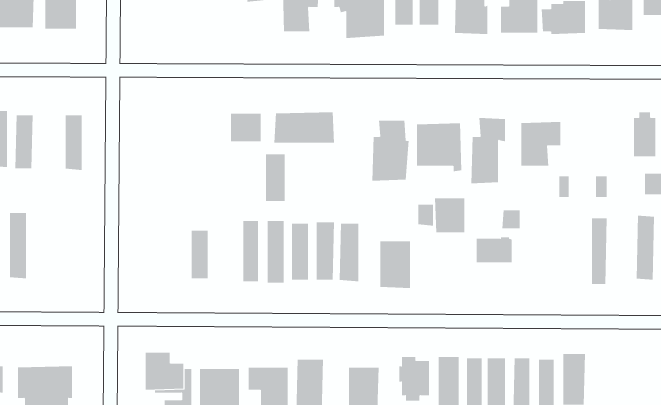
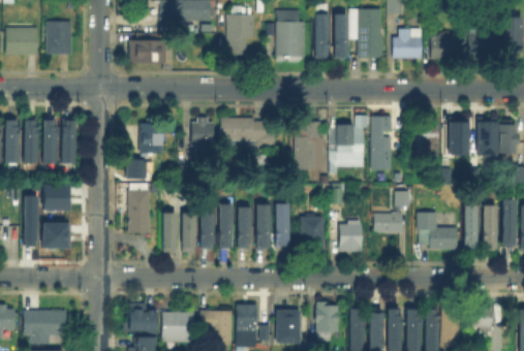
building: none -> [131,43,175,73]
building: none -> [445,116,466,154]
building: none -> [473,116,494,155]
building: none -> [43,121,58,162]
building: none -> [137,125,159,151]
building: [265,154,285,201] -> [177,211,192,247]
building: none -> [127,158,145,180]
building: none -> [39,184,68,210]
building: [434,198,465,233] -> [341,227,365,254]
building: none -> [130,193,153,235]
building: none -> [481,200,495,249]
building: none -> [418,215,461,252]
building: none -> [39,221,68,247]
building: none -> [466,308,494,330]

